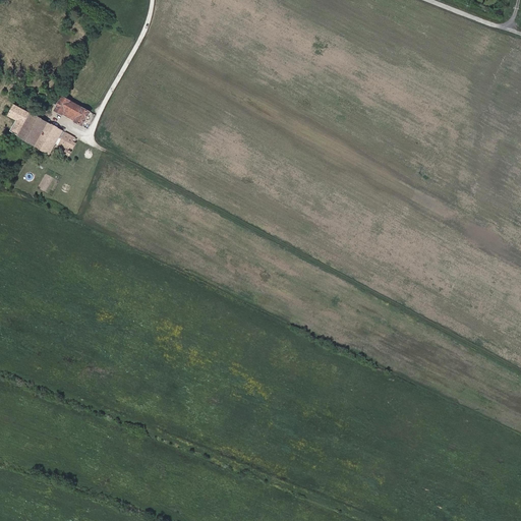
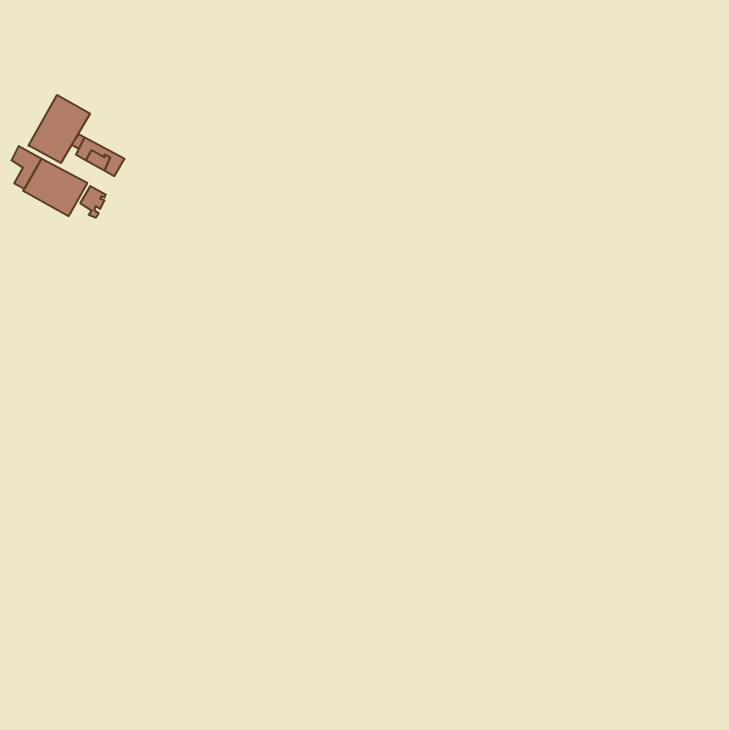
building: none -> [29,95,90,163]

